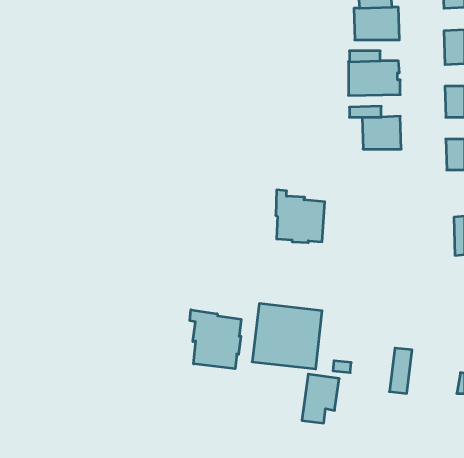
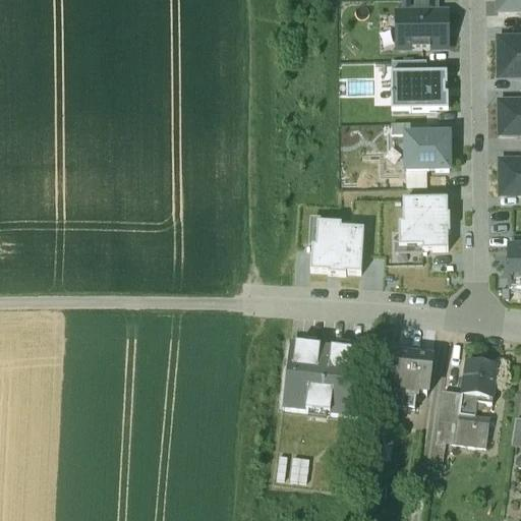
building: none -> [394,195,450,250]
building: [190,310,241,369] -> none
building: none -> [456,359,498,445]
building: [302,374,339,423] -> [390,351,431,406]

